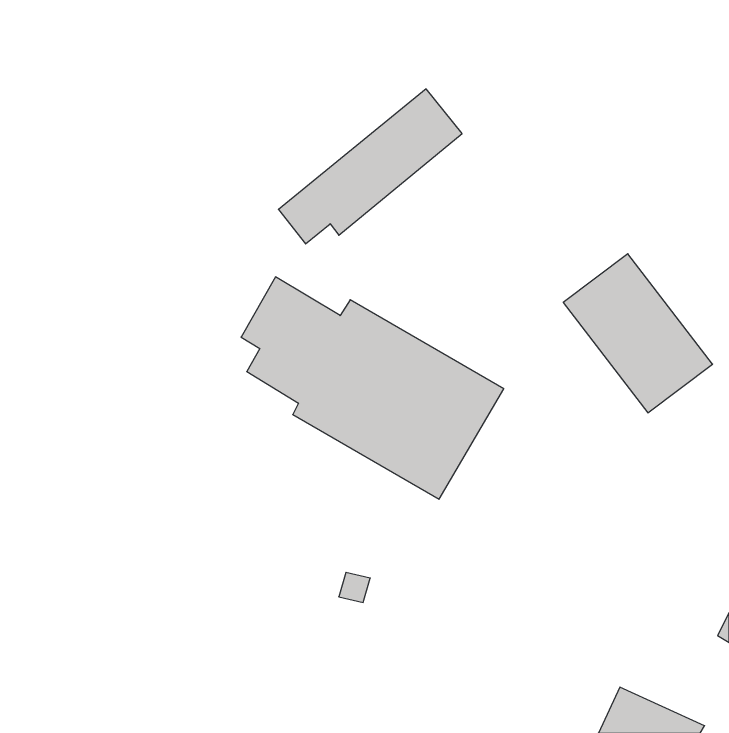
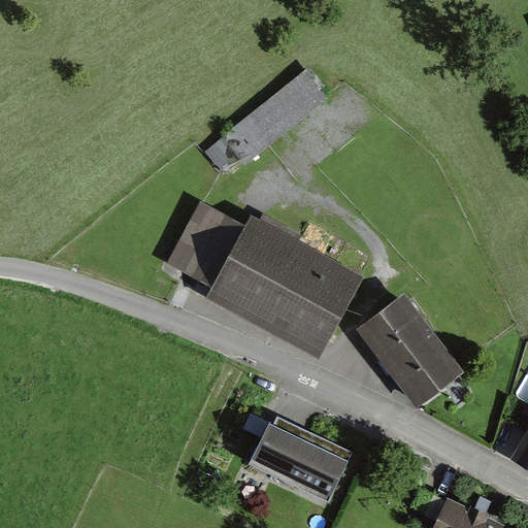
building: [563,254,713,413] -> [356,296,463,410]
building: none -> [248,414,357,505]

